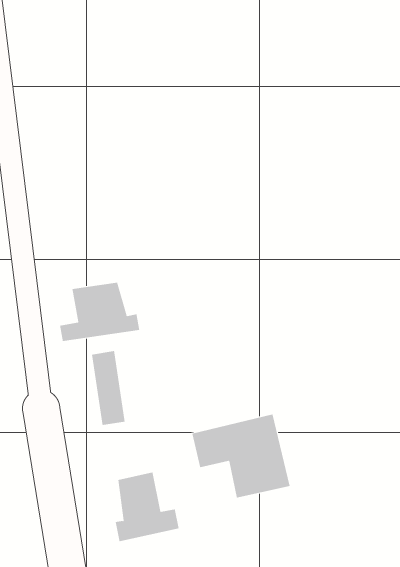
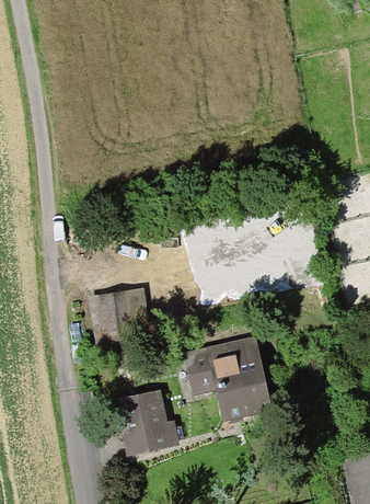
building: [59,282,140,342] -> none

